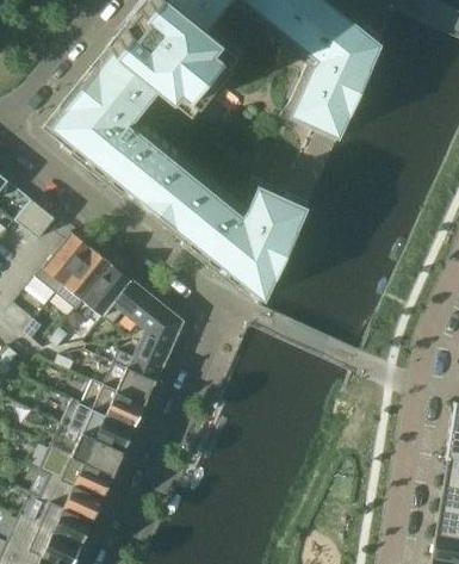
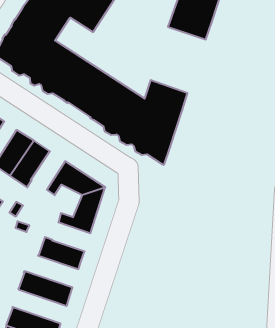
building: [83,266,132,317] -> none
building: [104,362,156,405] -> none
building: [62,398,135,452] -> none
building: [41,447,113,498] -> none

